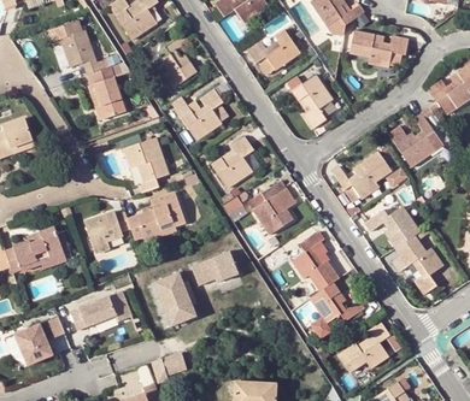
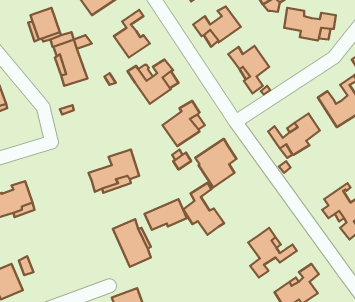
building: [122,137,168,193] -> none
building: [364,207,419,248] -> none
building: [83,212,130,253] -> none
building: [292,231,339,290] -> [183,183,224,235]
building: [69,288,131,328] -> none

